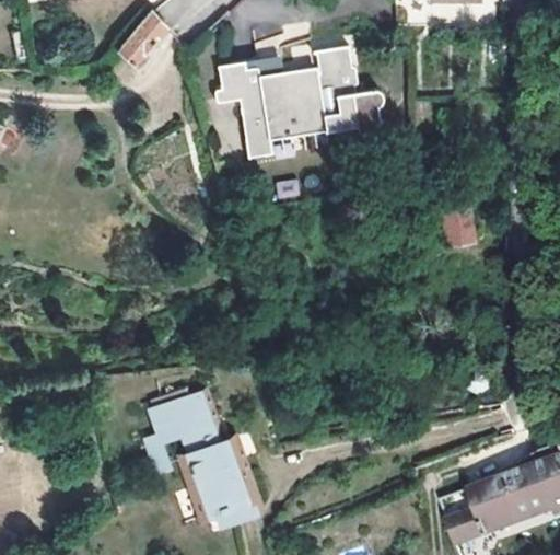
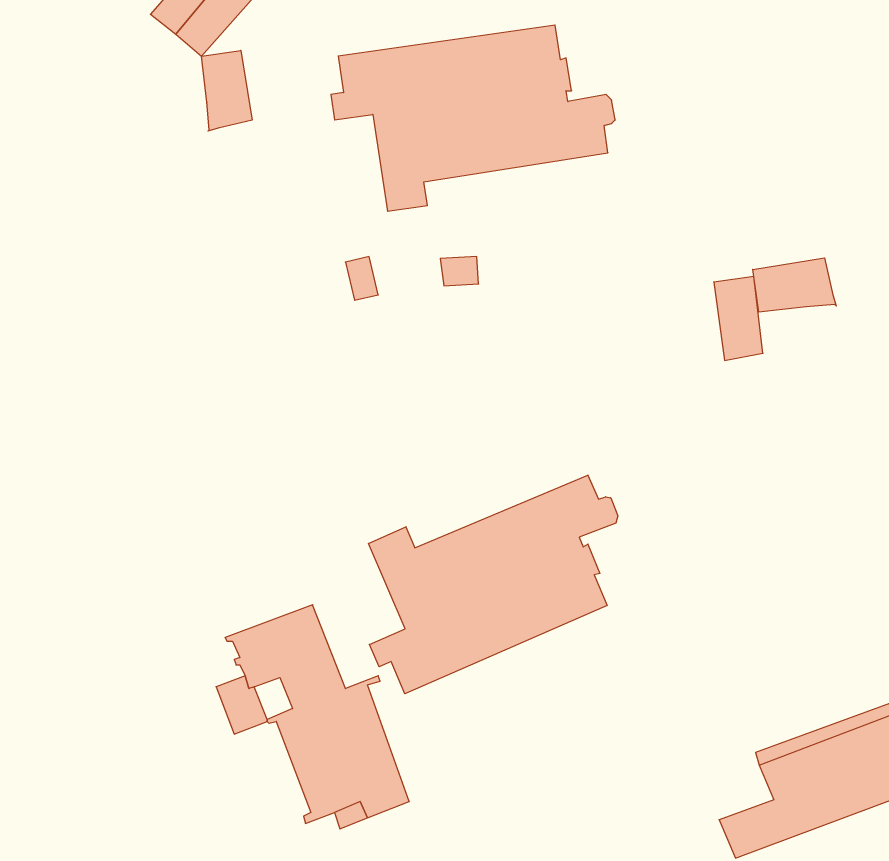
building: none -> [201,50,252,131]
building: none -> [753,258,836,312]
building: none -> [369,475,618,694]

